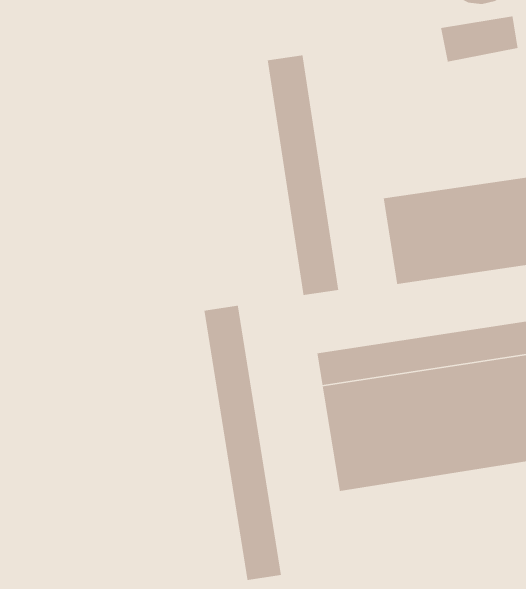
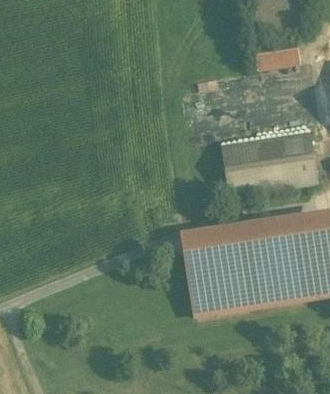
building: [267,54,339,296] -> none
building: [204,305,282,581] -> none

